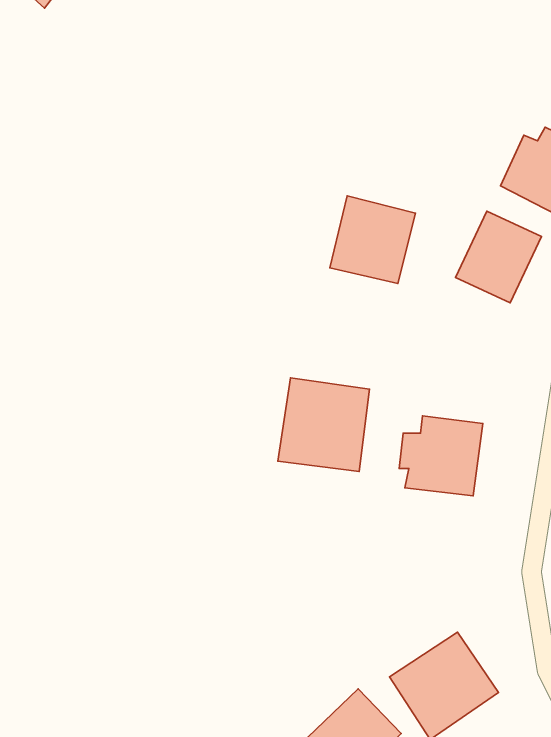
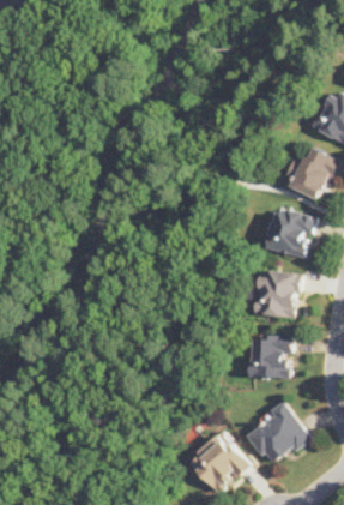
building: [330,196,416,283] -> [264,205,316,259]
building: [278,378,370,471] -> none
building: none -> [247,333,292,379]

